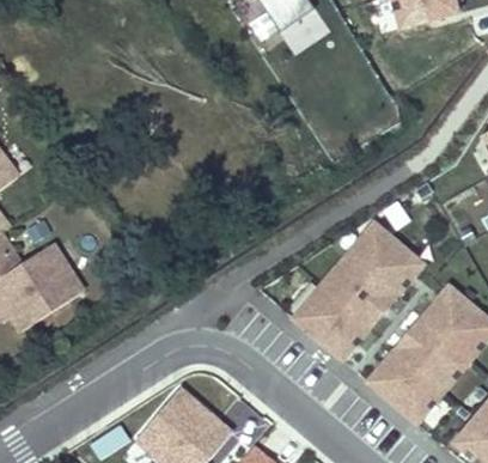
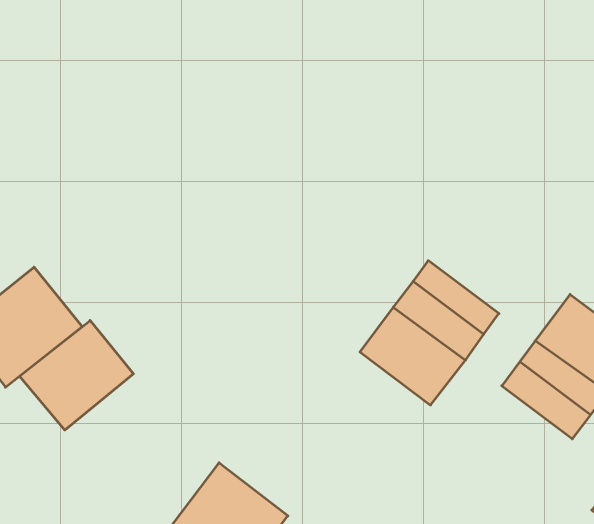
building: [346,220,422,294] -> none
building: none -> [20,320,133,430]
building: [366,347,443,421] -> none

